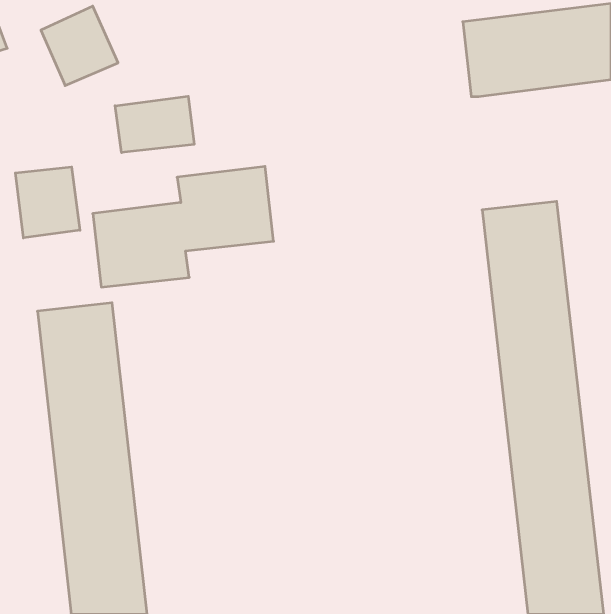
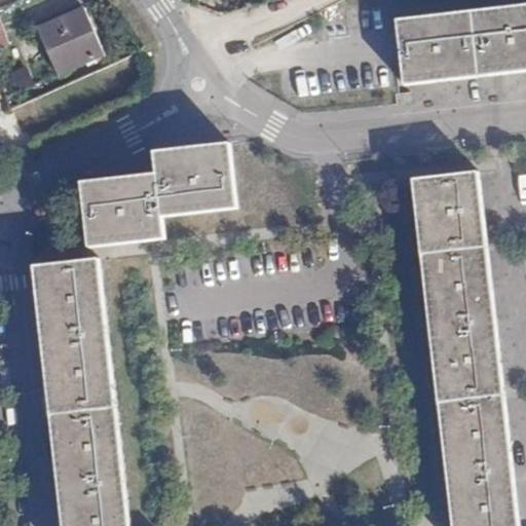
building: [115,96,194,153] -> none
building: [15,167,80,238] -> none

